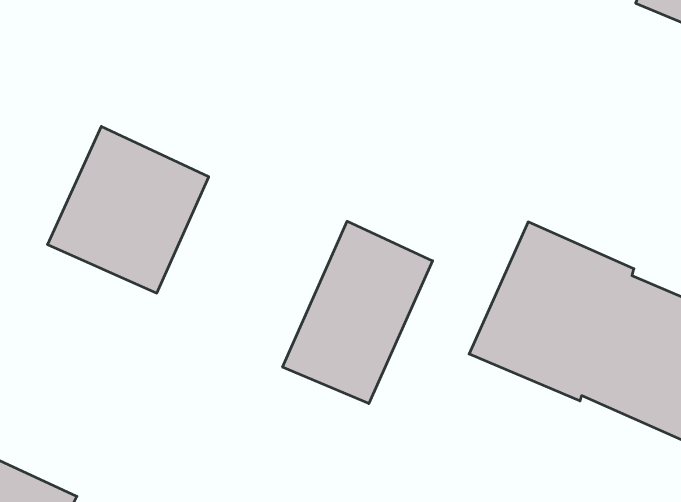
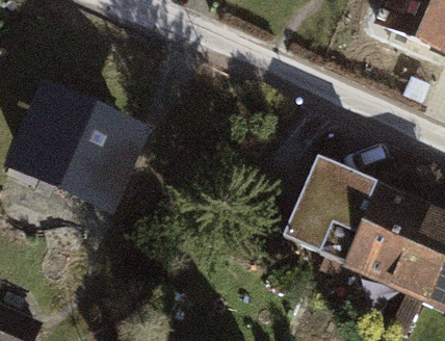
building: [283,221,433,404] -> none

